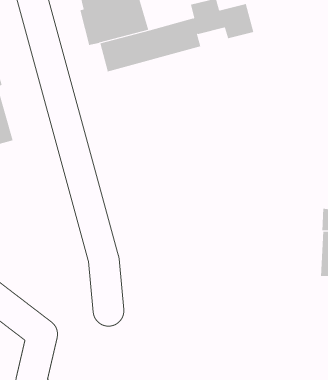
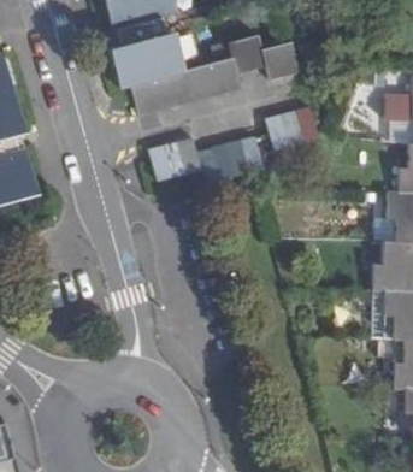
building: none -> [149,106,318,183]

